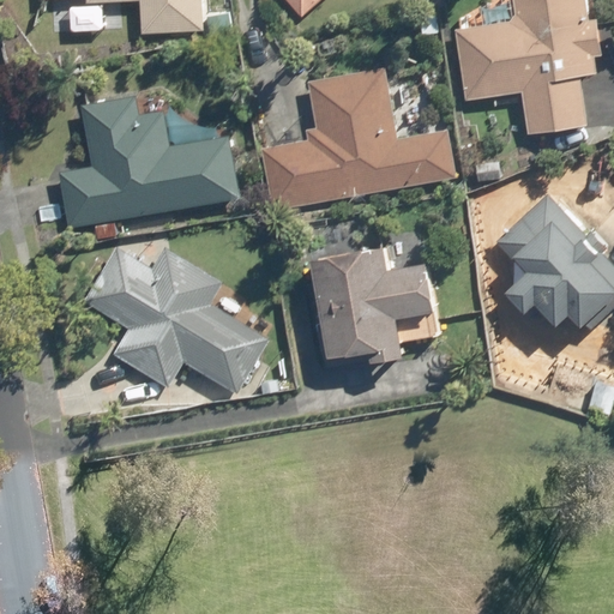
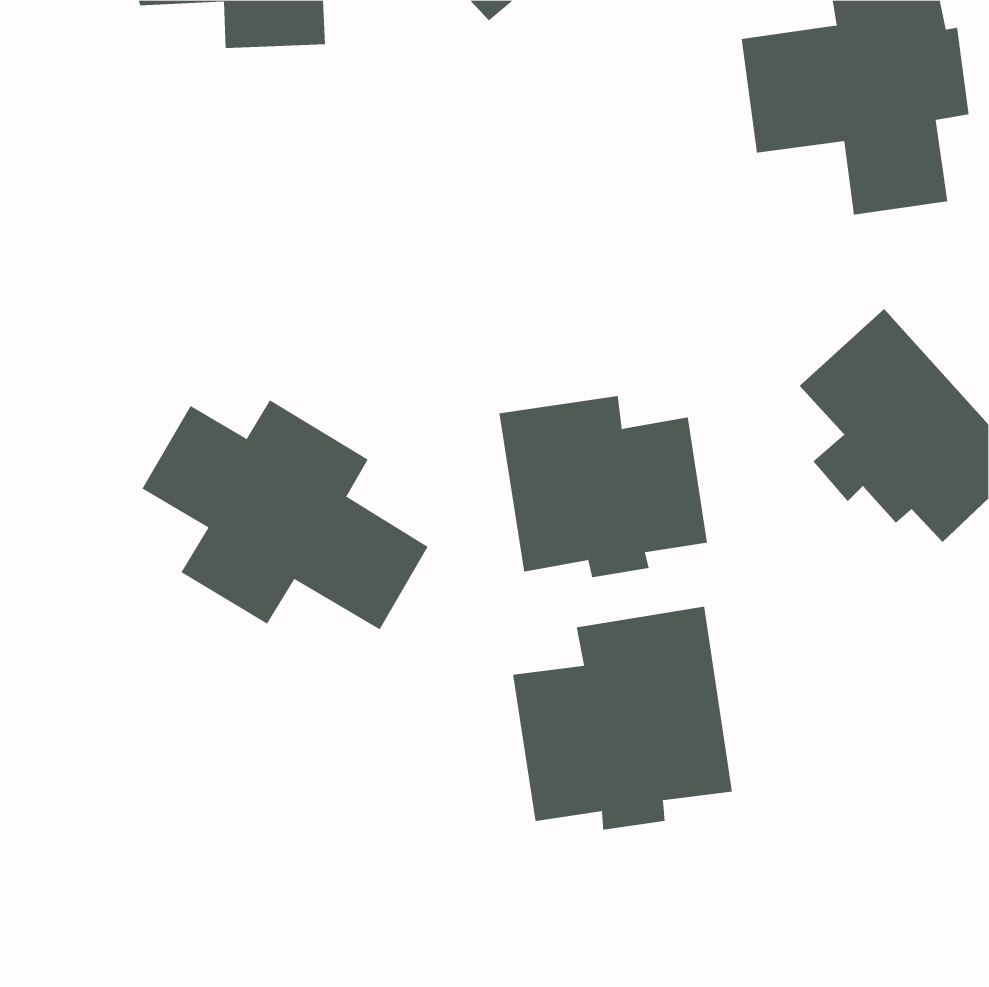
building: [260,68,455,209] -> none
building: [55,96,237,225] -> none
building: none -> [512,606,732,830]

